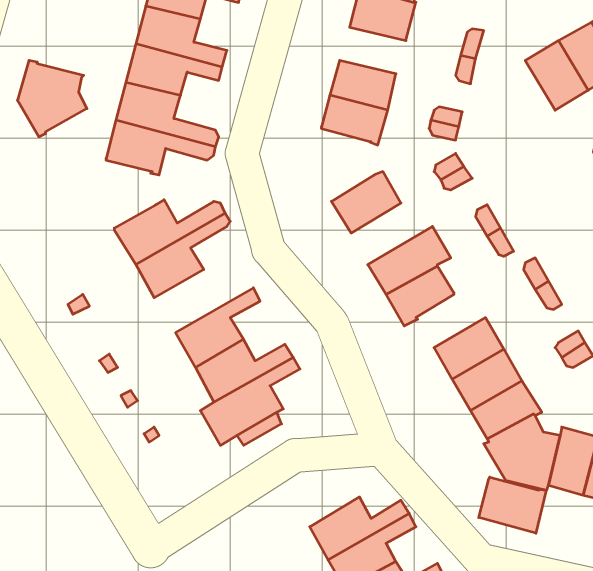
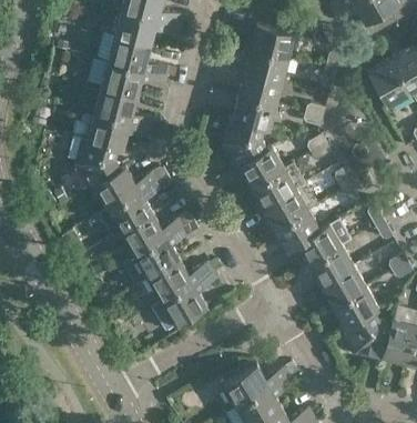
building: none -> [244,51,288,82]
building: [17,60,87,137] -> [74,138,121,189]
building: none -> [222,117,267,170]
building: none -> [252,164,306,210]
building: none -> [115,213,194,262]
building: none -> [295,219,352,265]
building: [479,477,546,533] -> none

